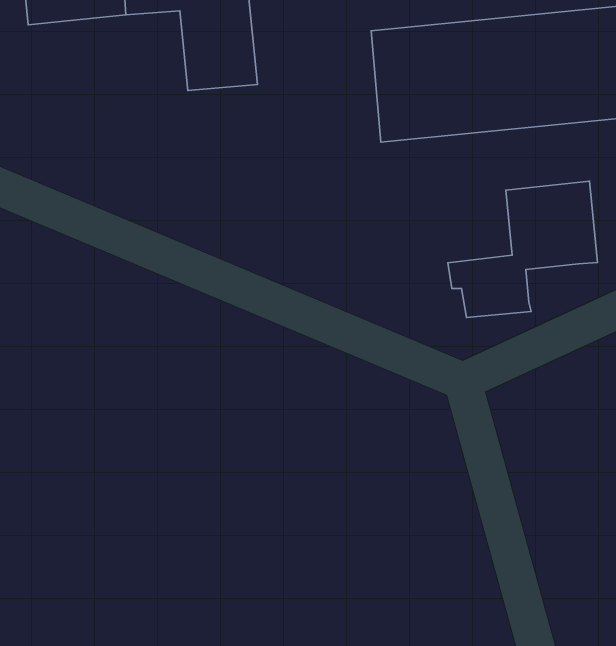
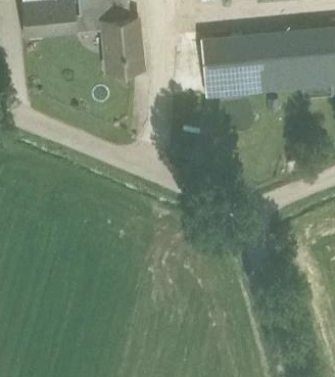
building: [448,181,598,318] -> none

